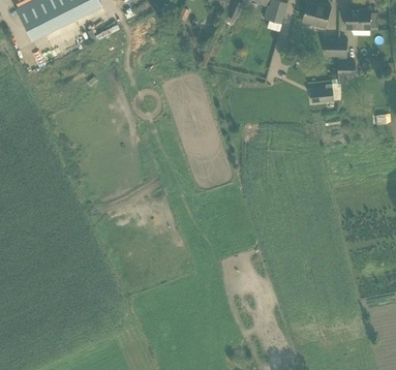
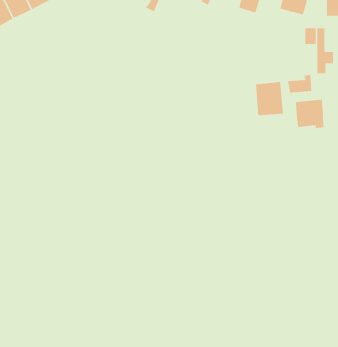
building: none -> [255,81,284,116]
building: none -> [295,99,324,129]

